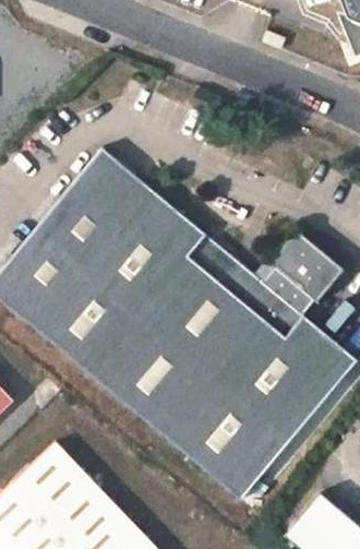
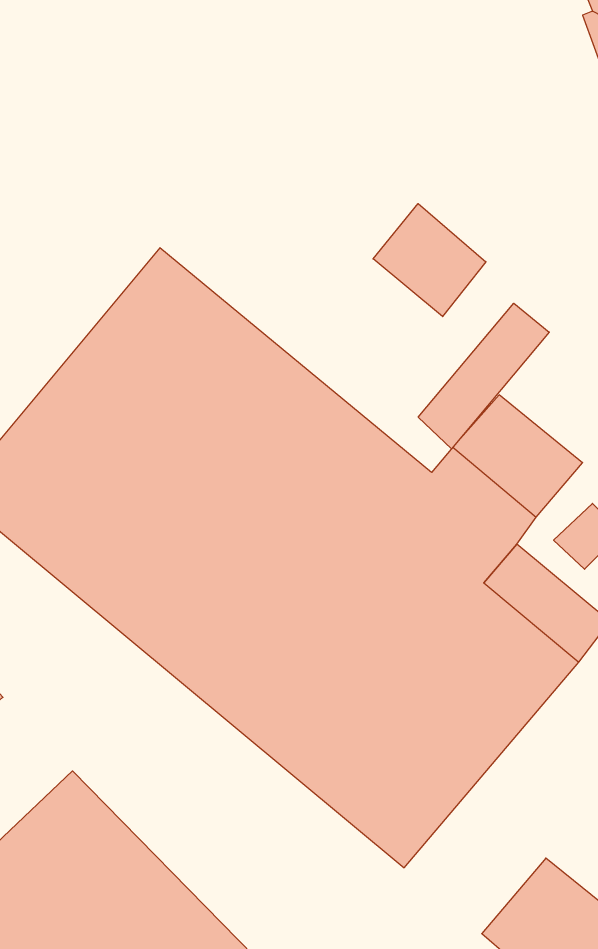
building: none -> [373,204,486,317]
building: none -> [418,303,549,449]

